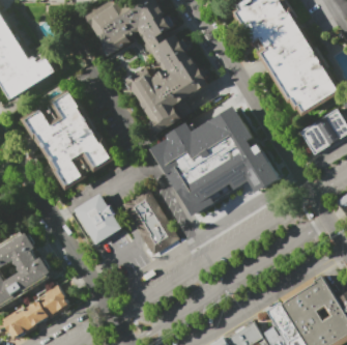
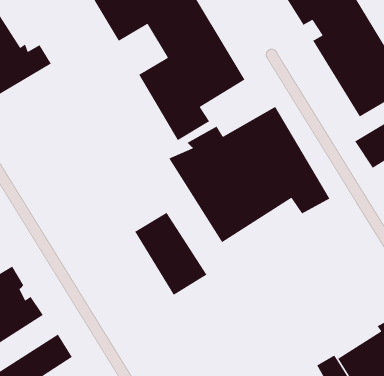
building: [22,89,117,191] -> none
building: [73,195,120,245] -> none

